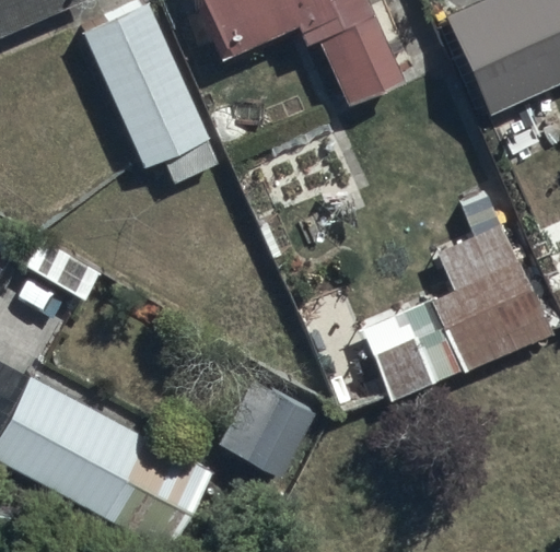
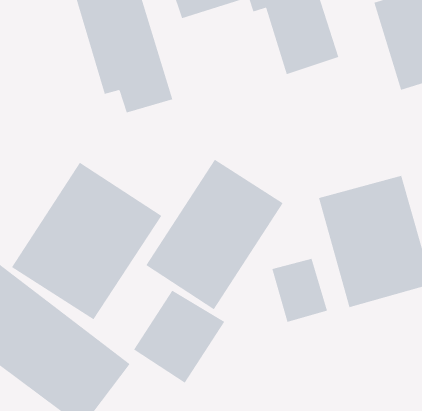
building: none -> [145,159,284,310]
building: none -> [11,162,162,320]

